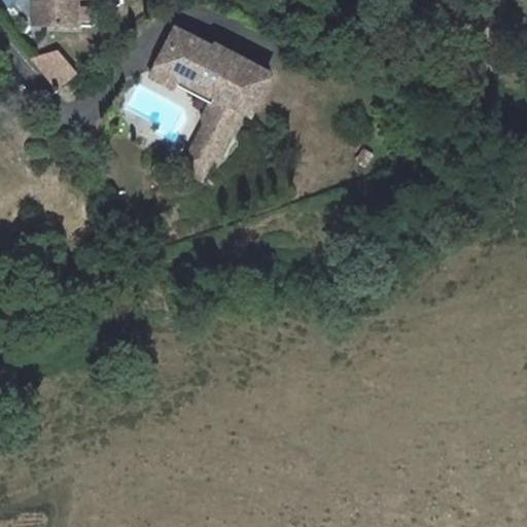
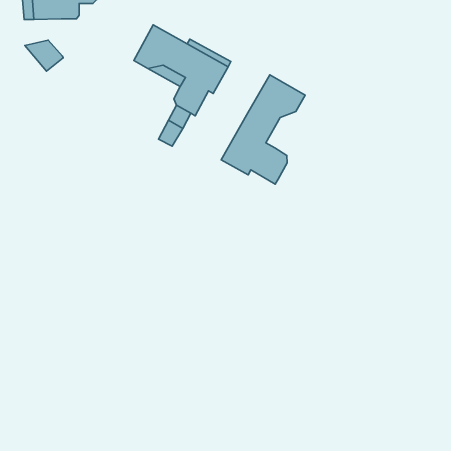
building: none -> [221,75,305,184]

